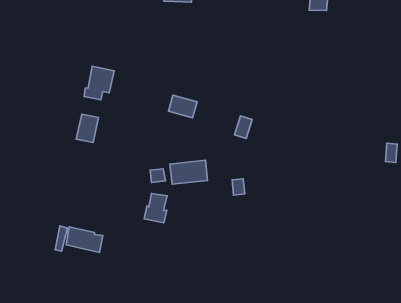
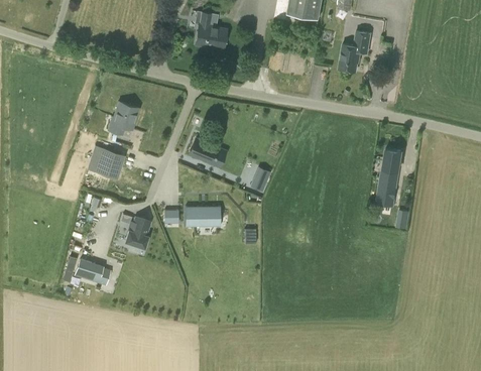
building: none -> [375,149,401,207]
building: [144,193,167,223] -> [125,218,150,248]

